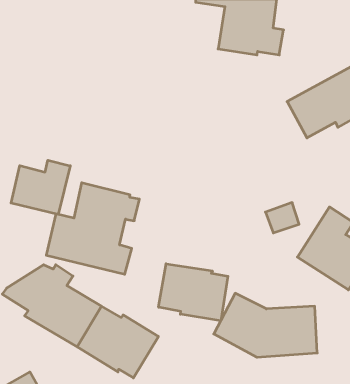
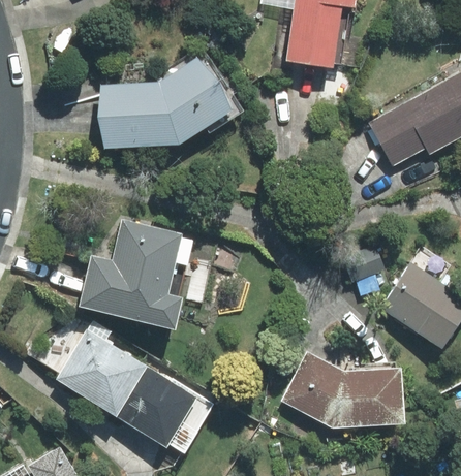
building: none -> [99,47,242,149]
building: [11,160,70,214] -> none
building: [159,264,228,321] -> none

